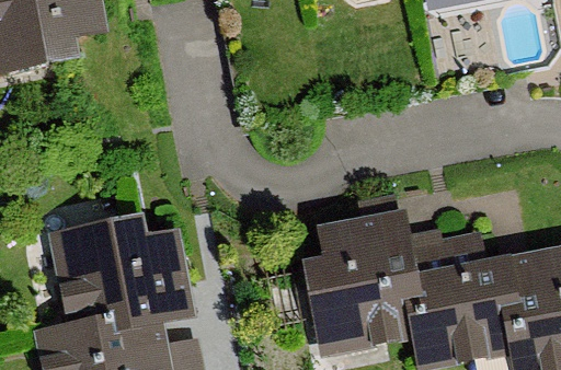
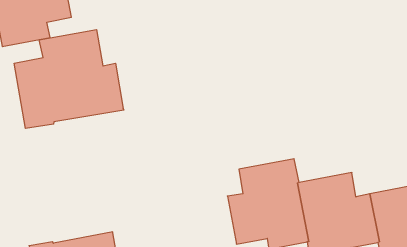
building: none -> [14,30,124,128]
building: [66,226,187,335] -> none

